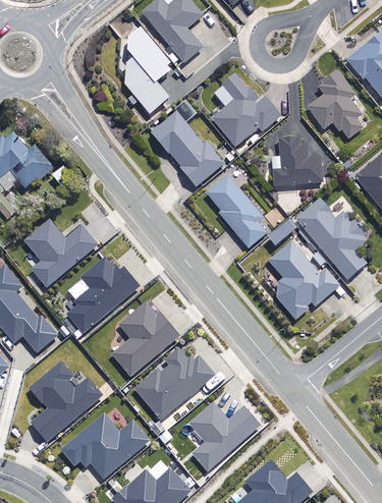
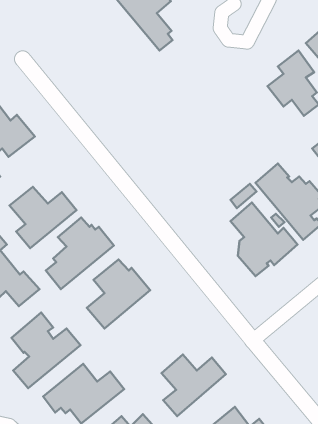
building: [119,30,174,115] -> none
building: [213,76,280,149] -> none
building: [152,112,225,188] -> none
building: [271,141,323,188] -> none
building: [205,172,267,246] -> none
building: [132,345,215,418] -> none

